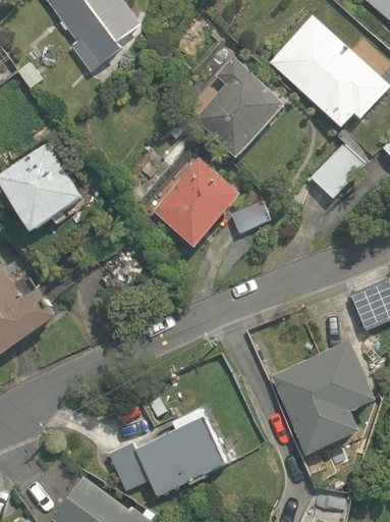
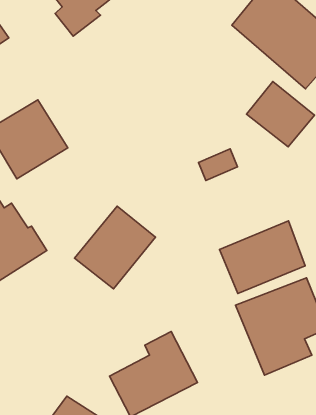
building: [181,53,288,160] -> none
building: [147,156,237,249] -> [75,206,155,289]
building: none -> [219,221,305,294]

